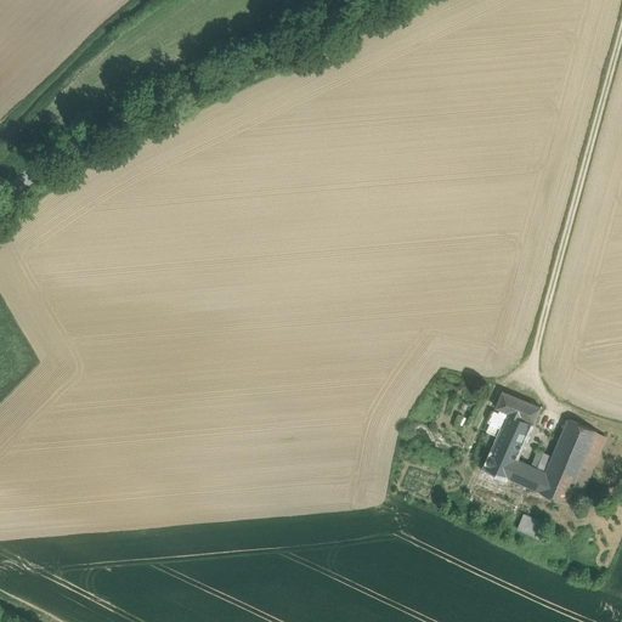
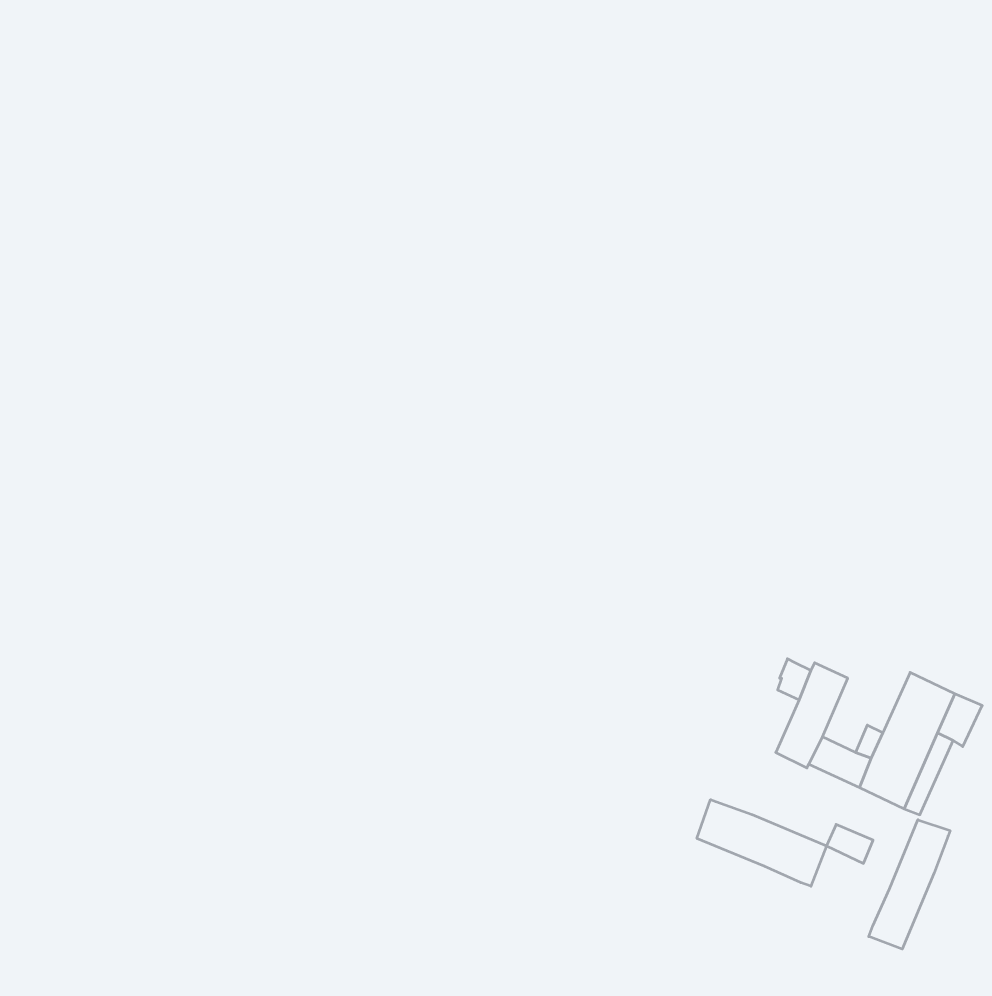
building: [494,391,538,424] -> none
building: none -> [697,800,826,886]
building: none -> [869,820,950,949]

